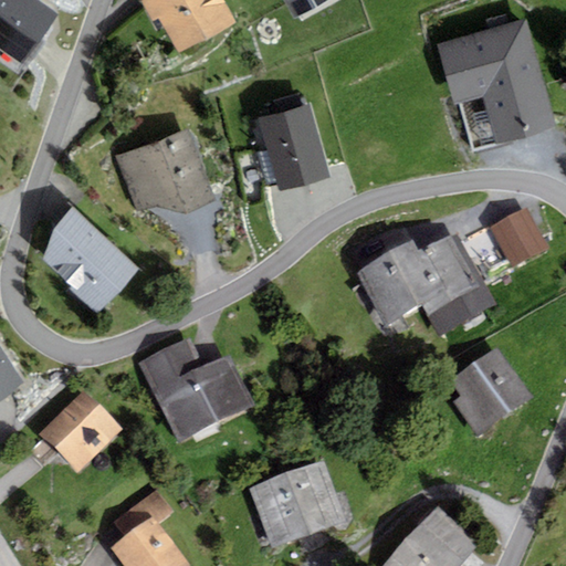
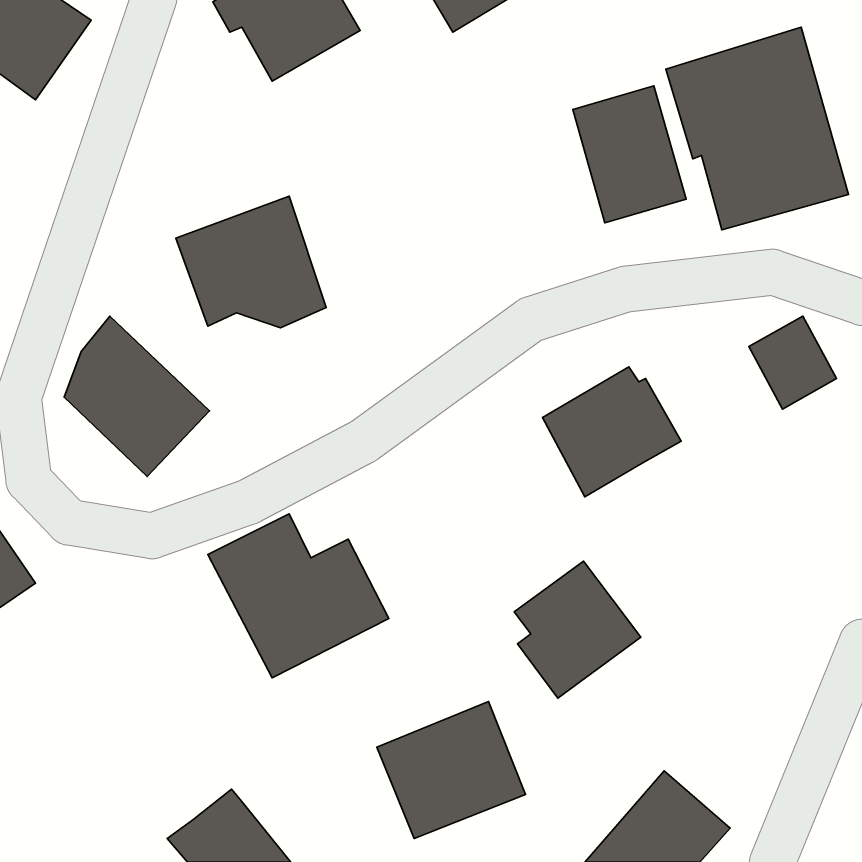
building: [256,103,331,192] -> [573,86,686,223]
building: [420,231,495,336] -> none
building: [450,347,533,437] -> [514,561,641,698]
building: [41,390,122,471] -> none
building: [114,490,171,536] -> none

